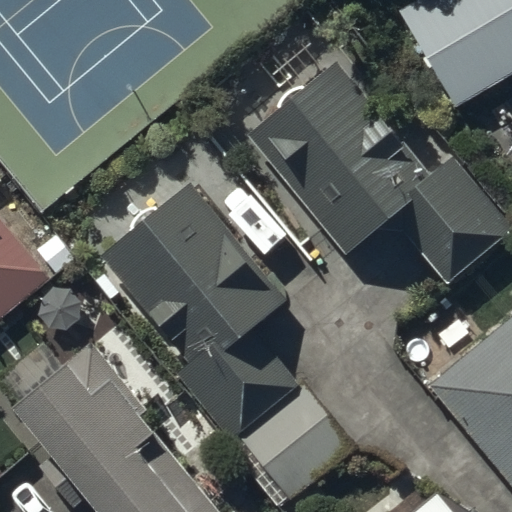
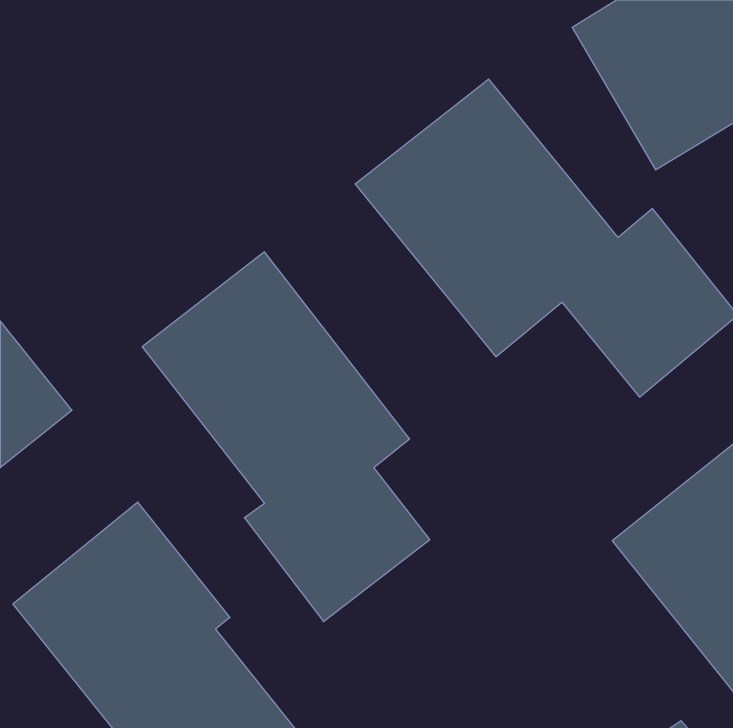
building: [239,385,354,499] -> none

